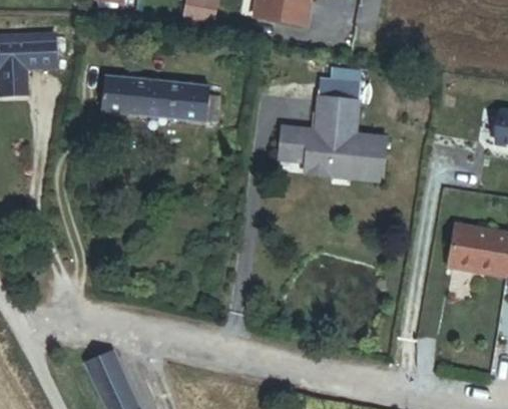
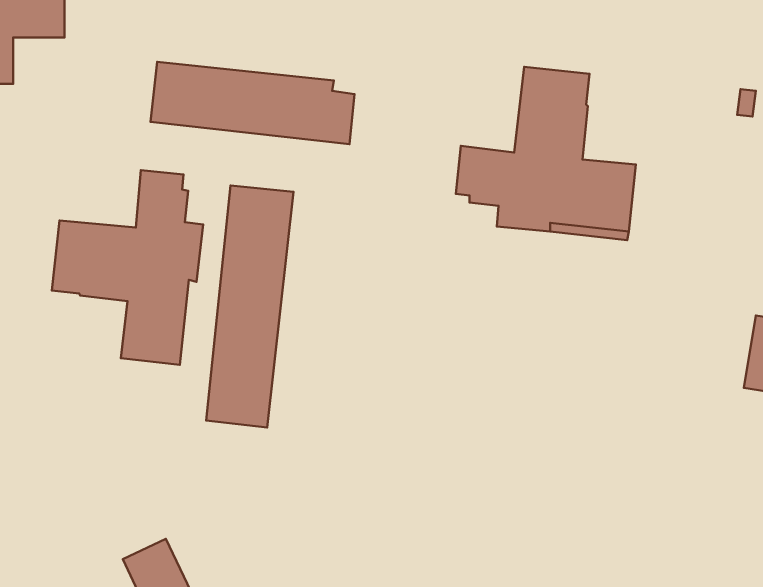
building: none -> [52,170,203,365]
building: none -> [206,185,294,427]

